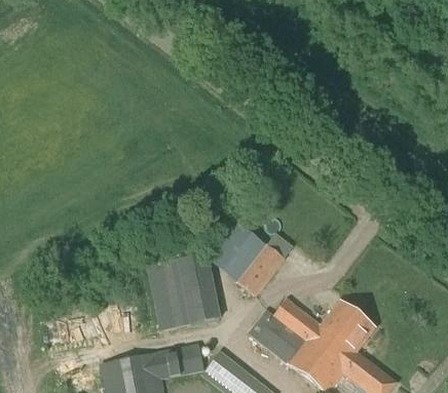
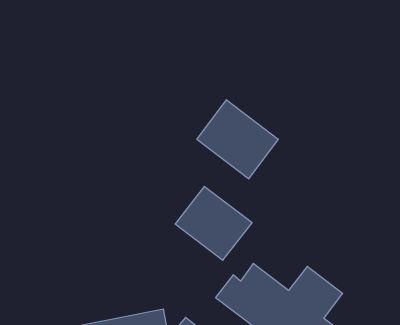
building: none -> [197,100,278,179]
building: [147,253,220,330] -> none

